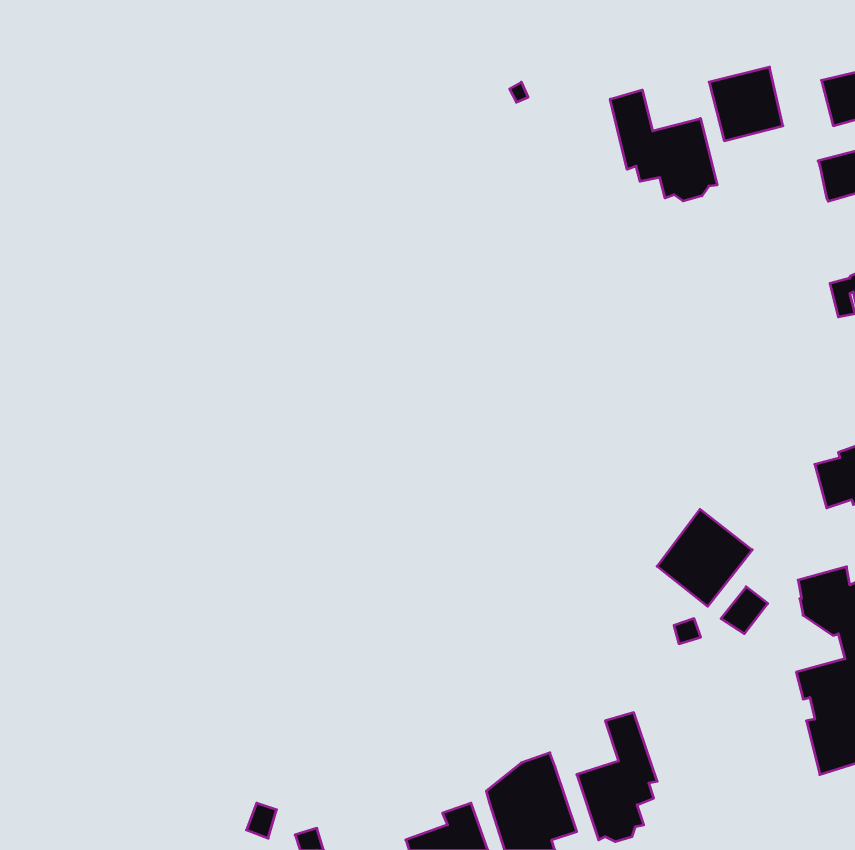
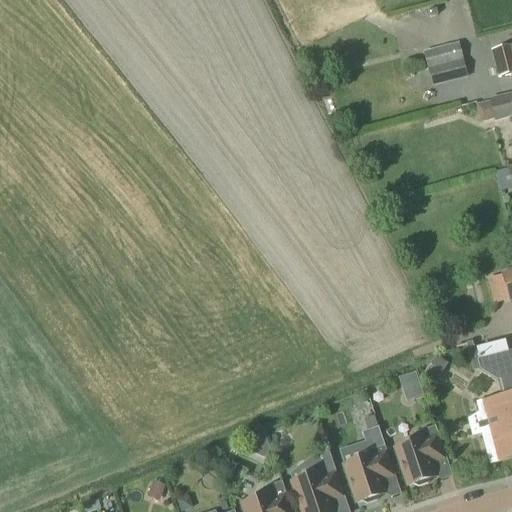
building: [610,90,717,201] -> none
building: [657,509,752,606] -> none
building: none -> [396,424,445,485]

